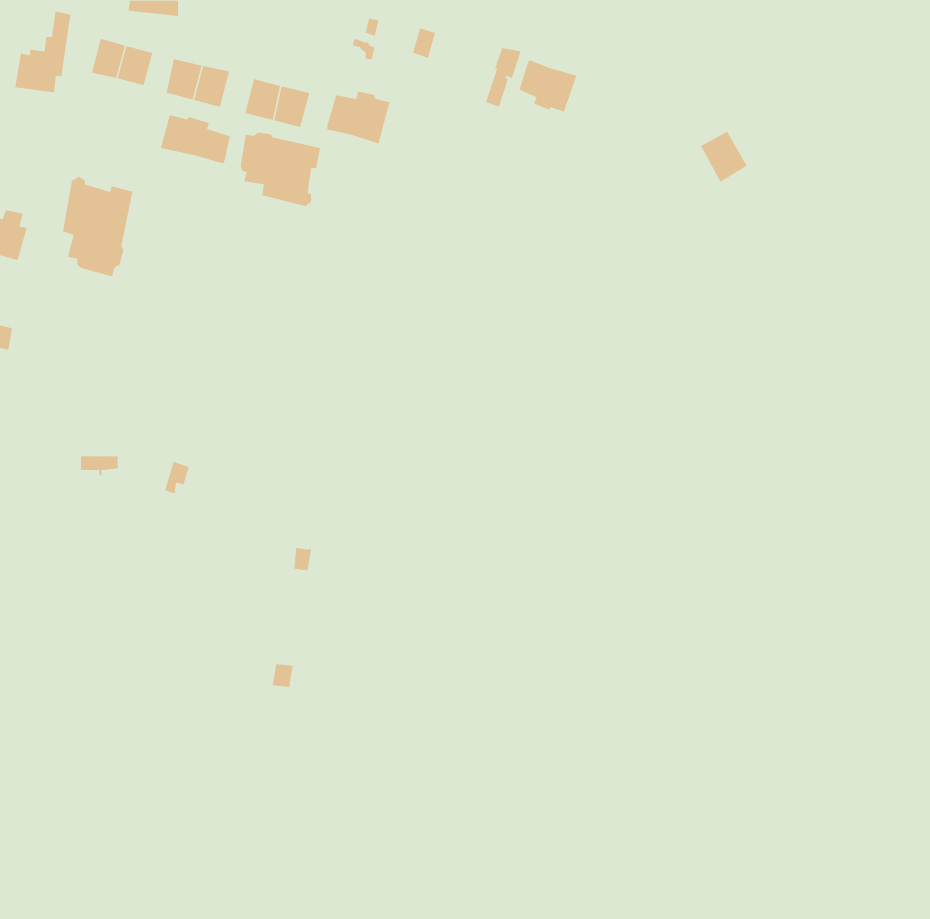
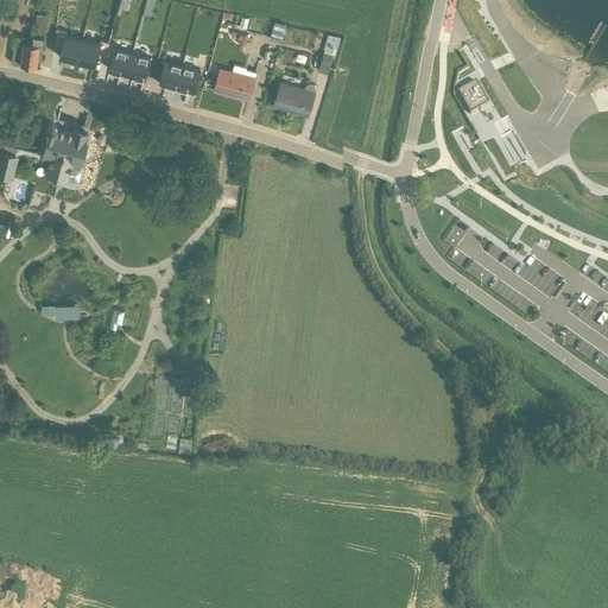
building: [519,59,577,112] -> none
building: [160,114,231,164] -> none
building: none -> [273,84,315,119]
building: [240,132,321,207] -> none

